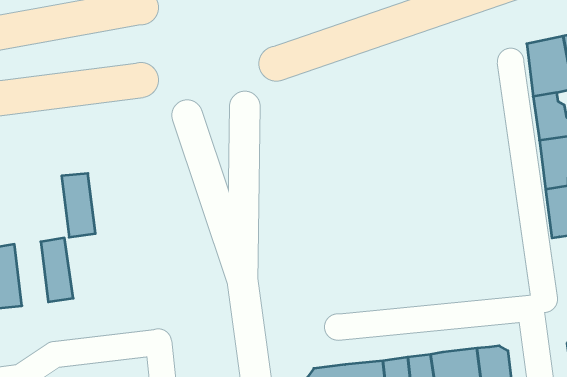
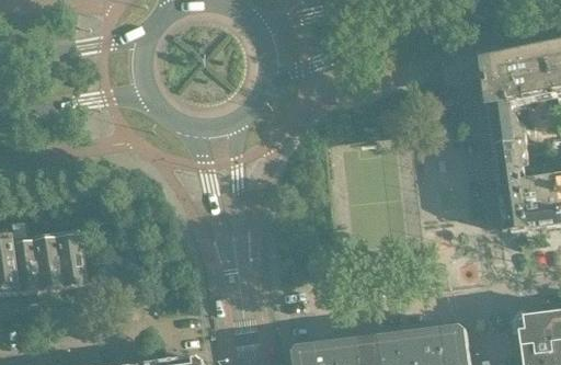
building: [62,173,95,237] -> [35,233,65,289]

